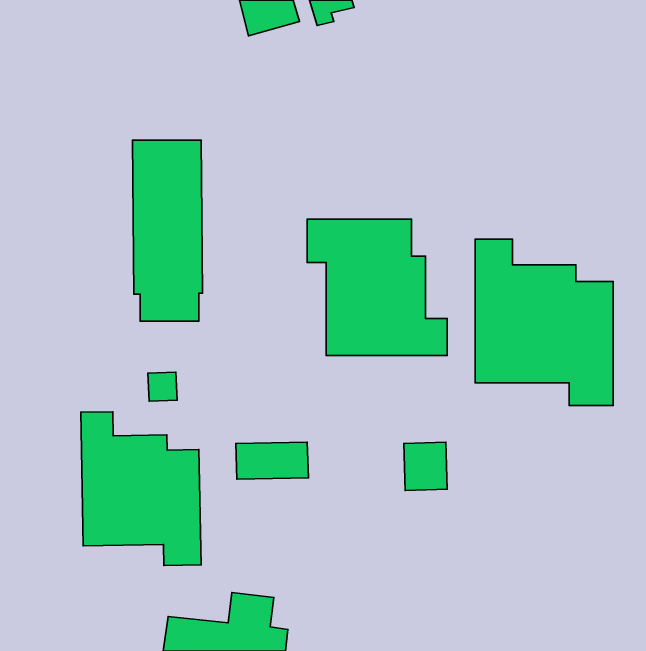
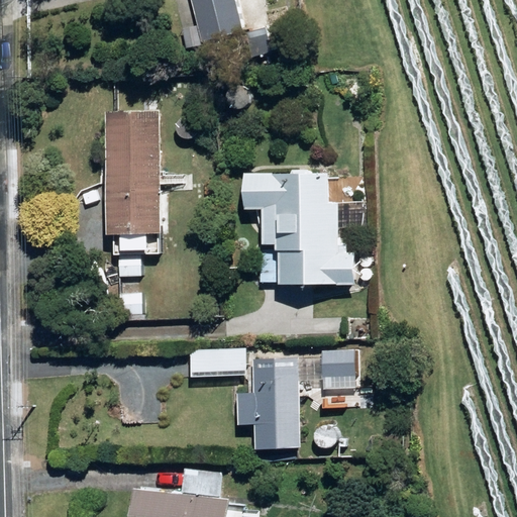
building: [475,239,613,406] -> none
building: [81,412,201,566] -> none
building: none -> [235,357,299,448]

